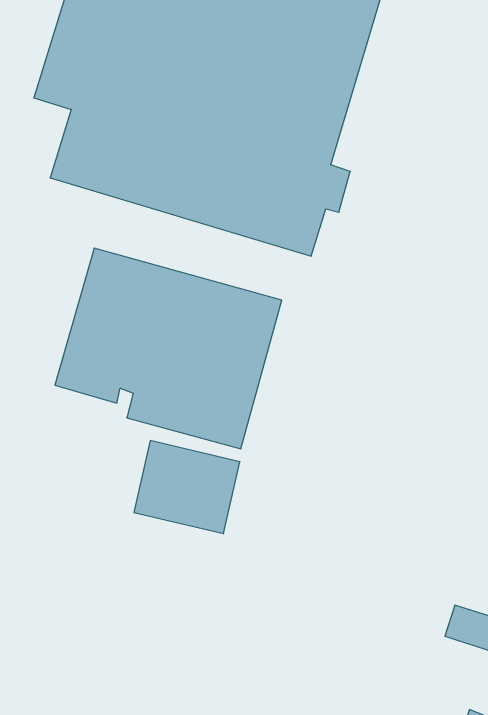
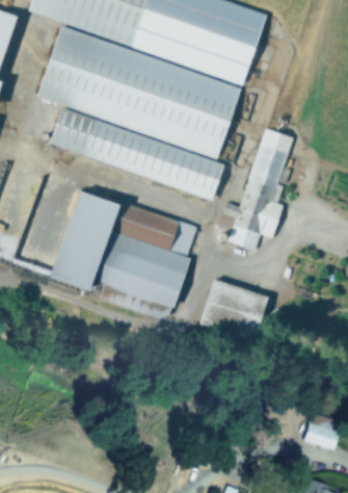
building: none -> [218,127,294,250]
building: [134,441,240,534] -> [202,281,269,340]

